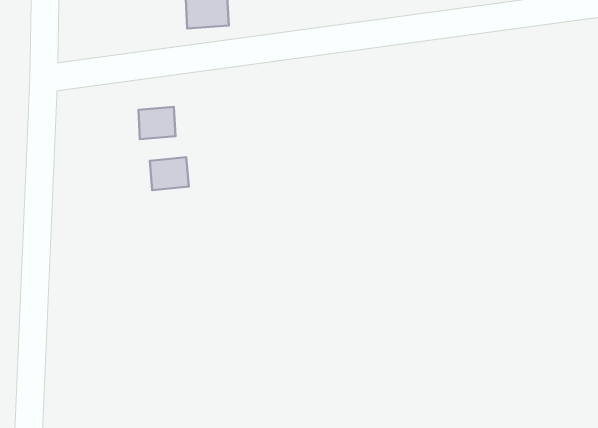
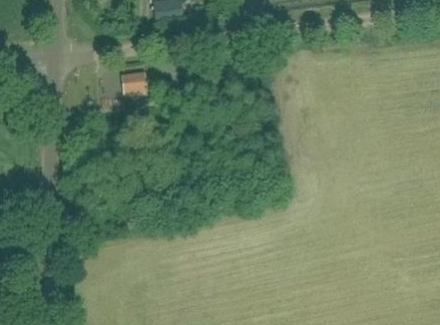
building: [150,157,189,190] -> none

